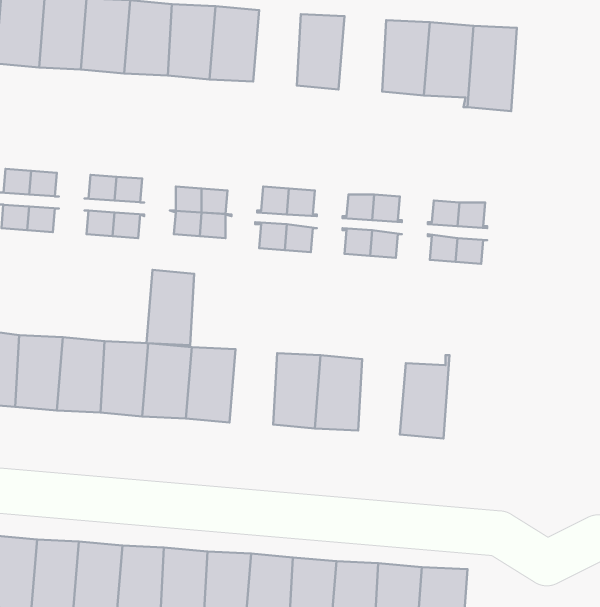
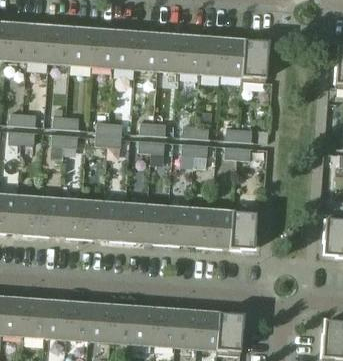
building: none -> [135,32,159,70]
building: none -> [178,35,202,73]
building: [147,270,194,345] -> [123,203,147,241]
building: none -> [231,206,256,249]
building: none -> [188,208,212,246]

